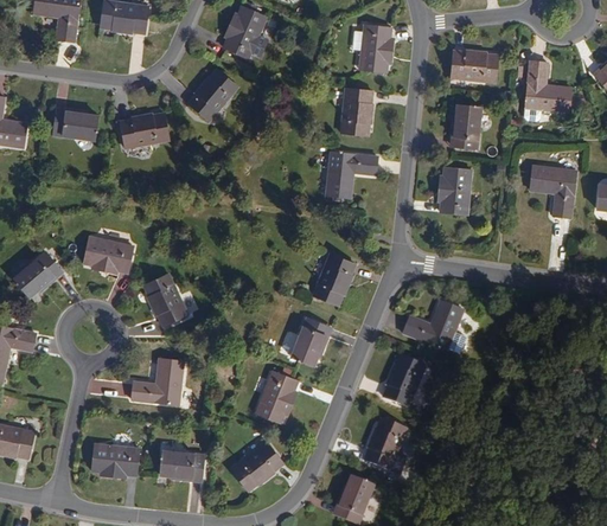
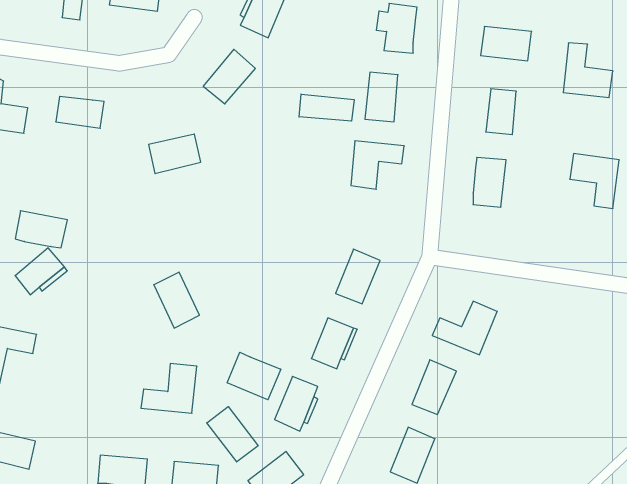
building: none -> [299,94,354,121]
building: [121,111,170,148] -> [149,134,201,174]
building: [83,238,132,272] -> [15,211,67,248]
building: none -> [227,352,281,400]
building: none -> [207,407,258,462]

